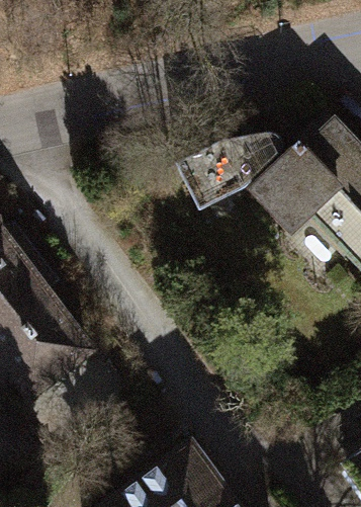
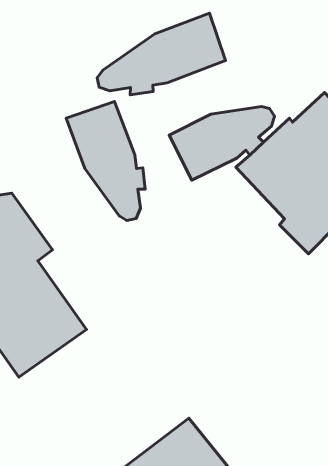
building: none -> [97,13,225,95]
building: none -> [66,102,145,221]

